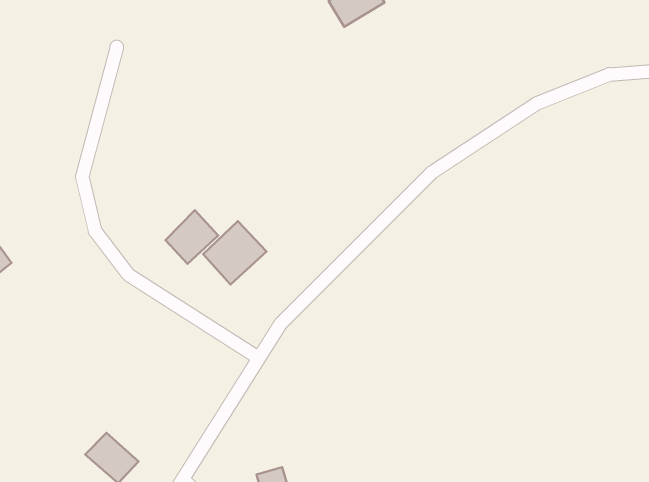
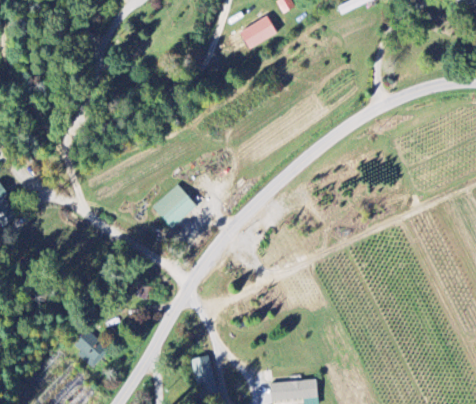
building: [165,210,218,264] -> none

